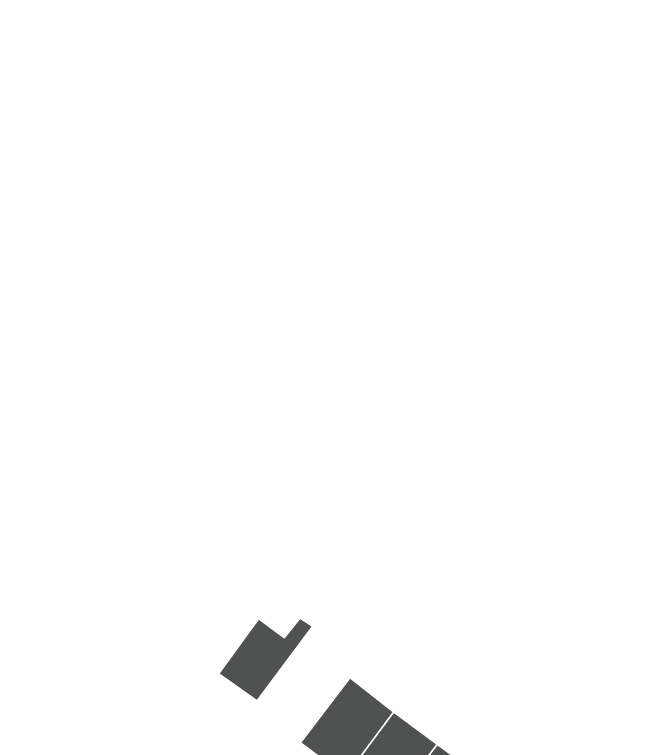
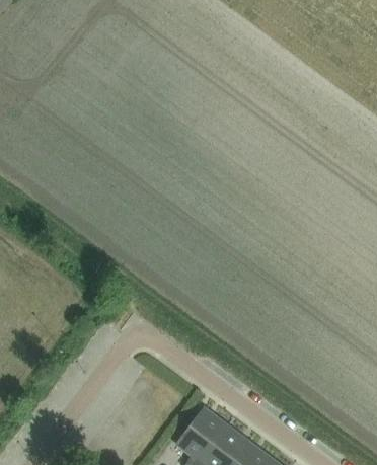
building: [219,618,312,701] -> none

